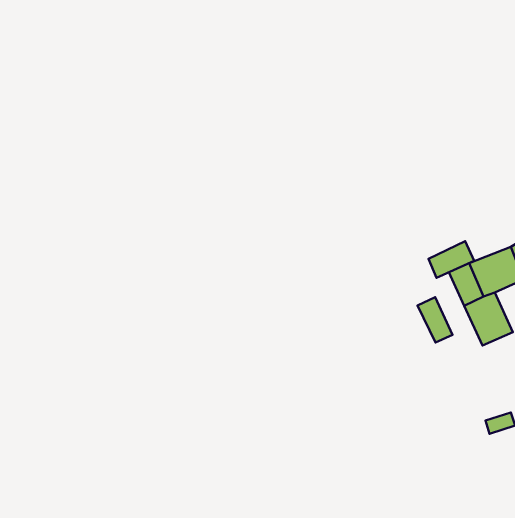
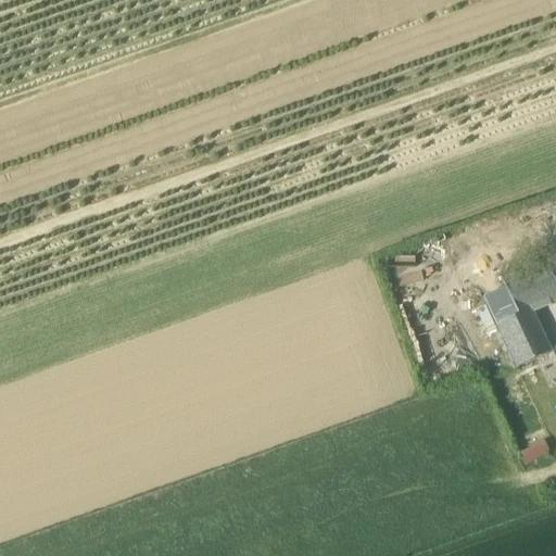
building: [428,241,474,278] -> none
building: [417,297,453,342] -> none

